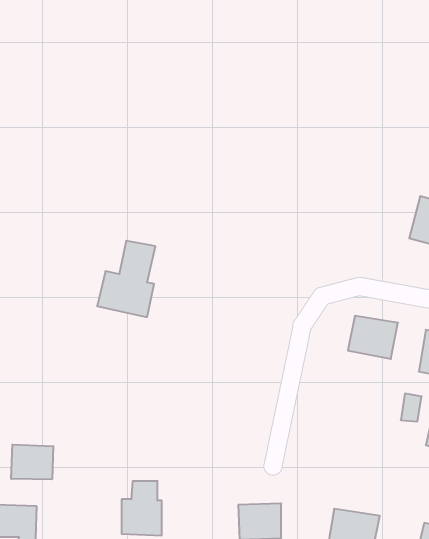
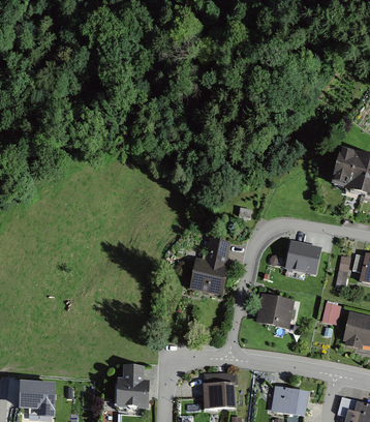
building: [97,241,155,317] -> [188,238,232,295]
building: none -> [256,295,295,329]
building: [11,445,53,479] -> none

